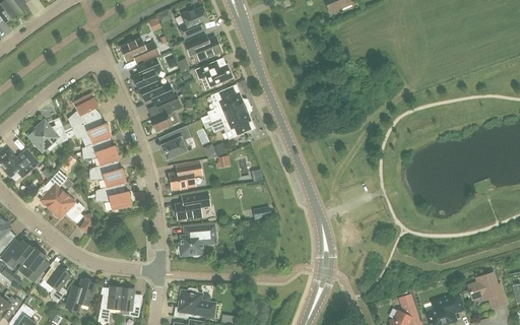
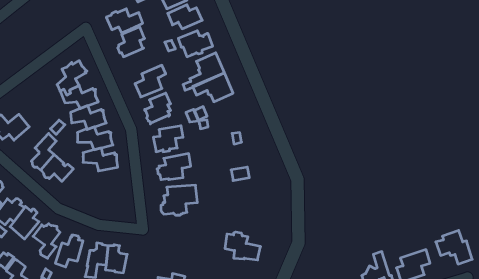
building: [137,79,173,104] -> none
building: [25,119,67,152] -> none
building: [178,287,215,317] -> [225,232,261,260]

